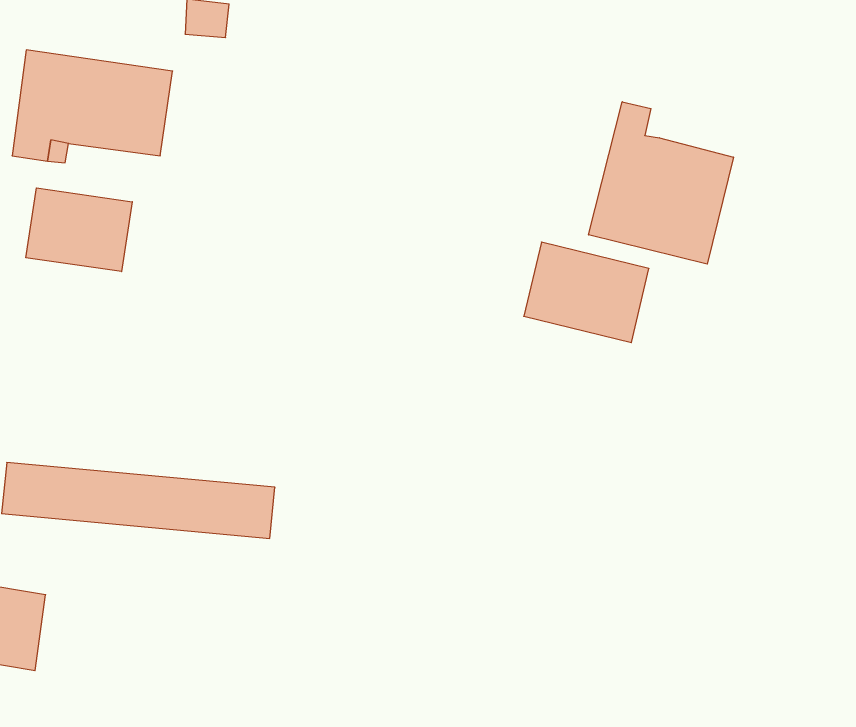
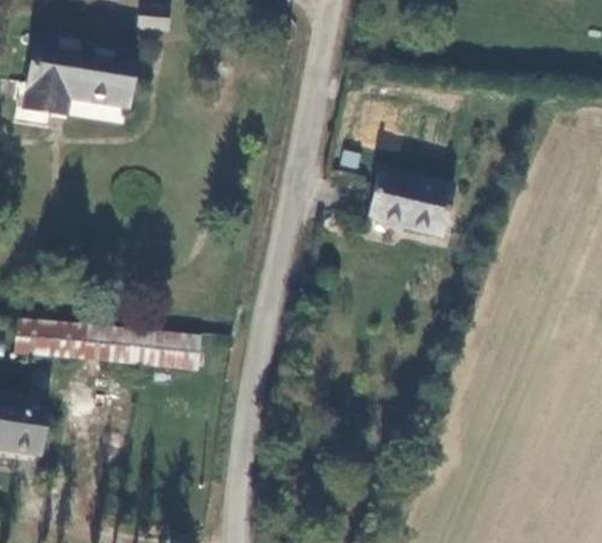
building: [589,102,733,264] -> none
building: [26,188,132,272] -> none

